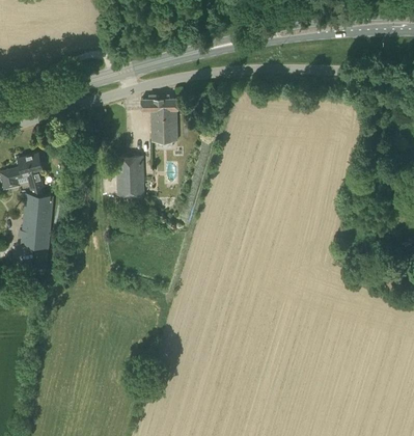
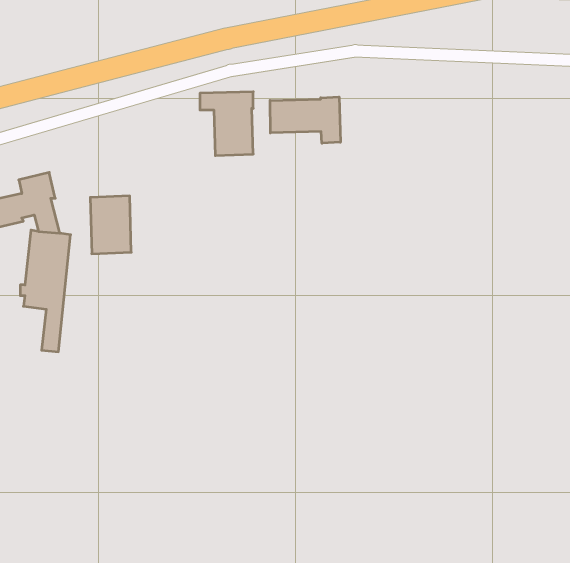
building: none -> [270,97,340,143]
building: [116,157,144,196] -> [90,196,131,254]

